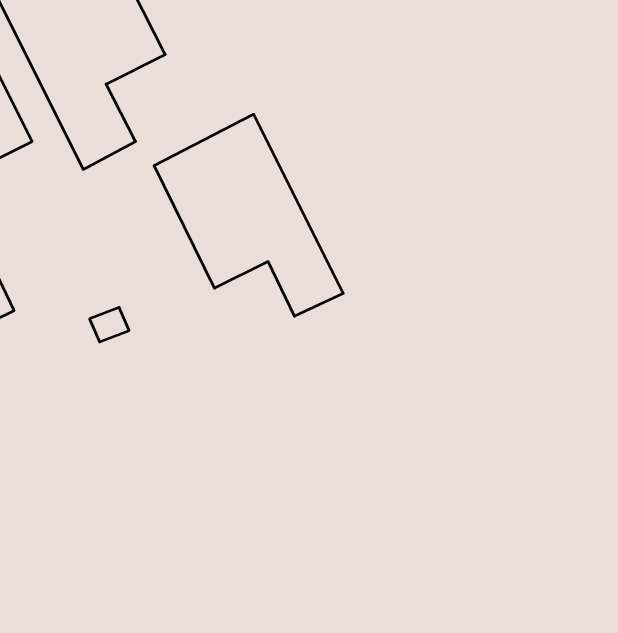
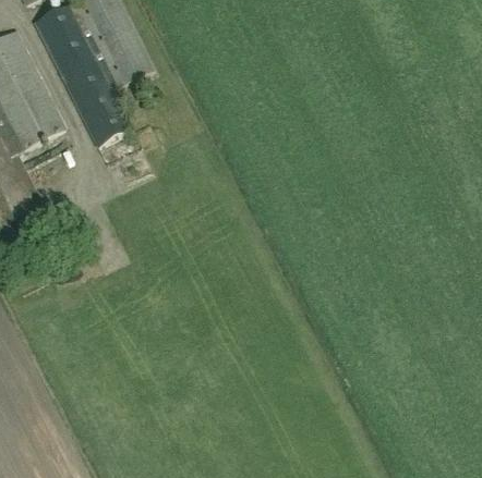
building: [154,114,343,316] -> none

